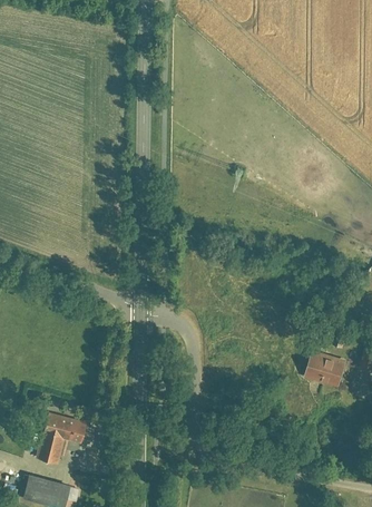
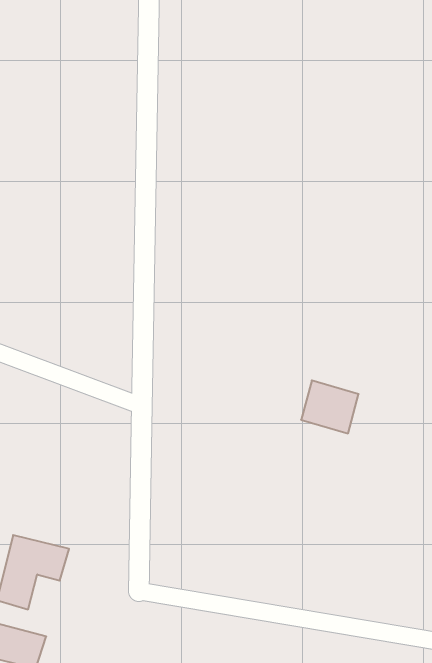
building: [303,350,345,389] -> [301,380,359,433]

